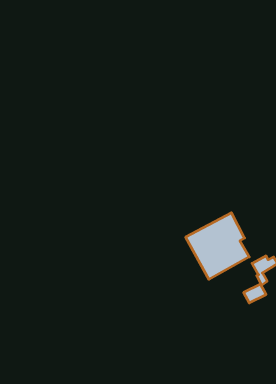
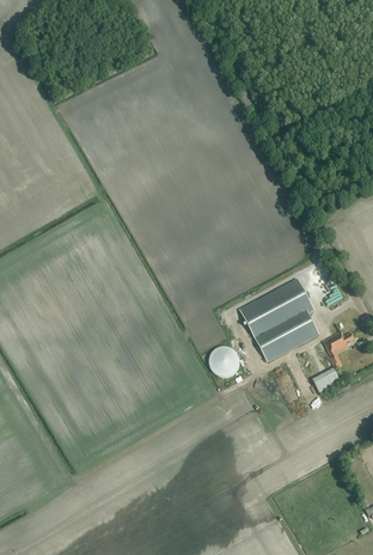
building: none -> [210,347,240,377]

